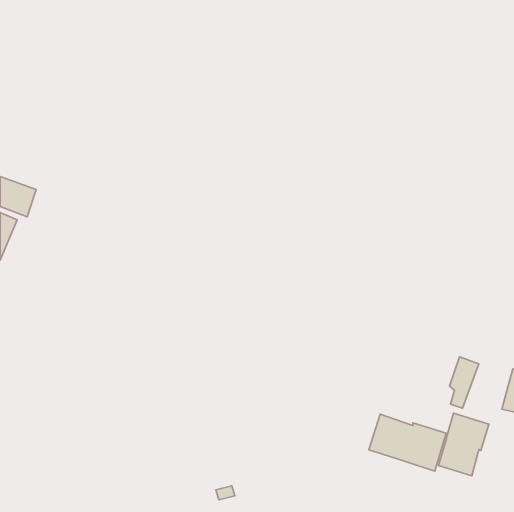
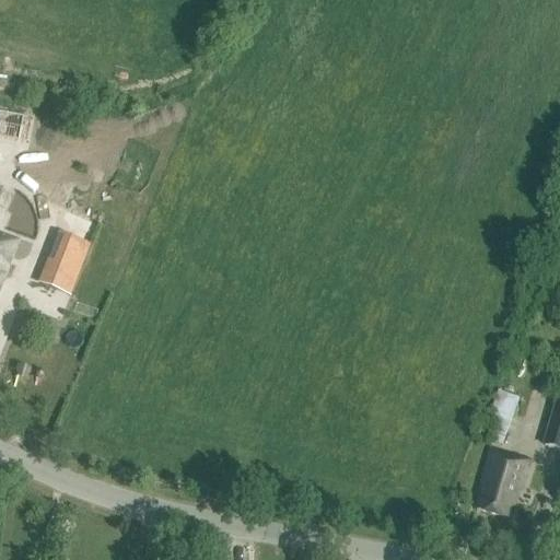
building: none -> [37,230,77,288]
building: [369,414,446,471] -> none

